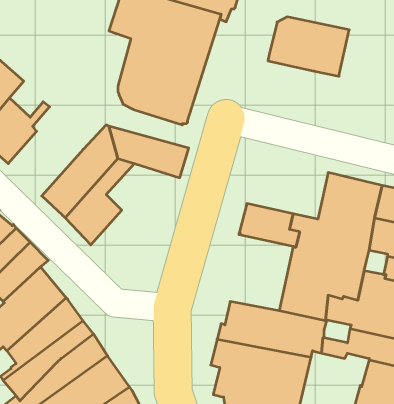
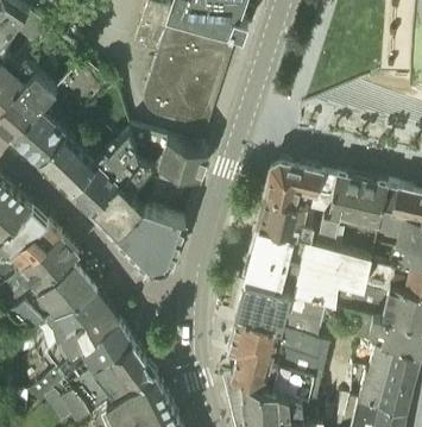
building: [268,17,349,76] -> [263,164,338,219]
building: none -> [43,128,112,197]
building: none -> [119,211,187,272]
building: none -> [246,233,306,303]

